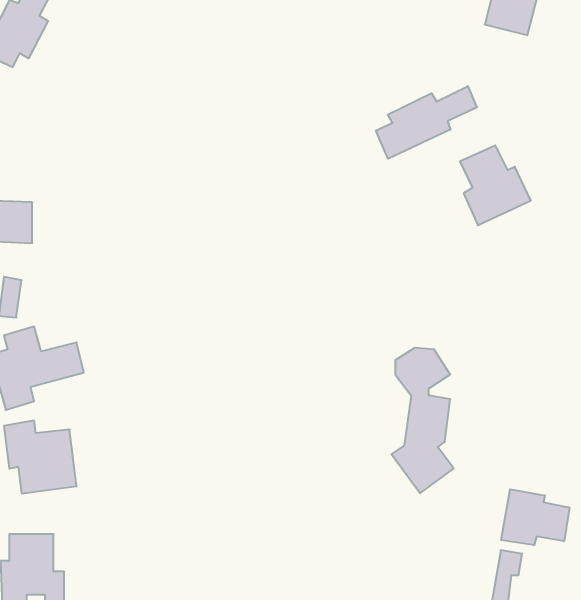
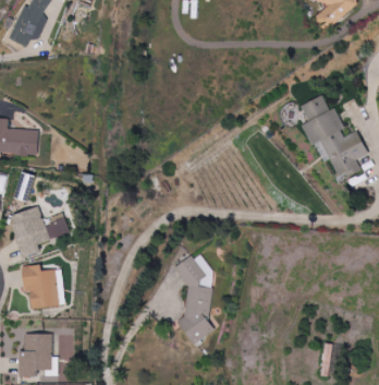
building: [376,86,477,159] -> none
building: none -> [314,131,366,180]
building: [392,348,454,493] -> [174,256,212,346]
building: [501,489,569,545] -> none

